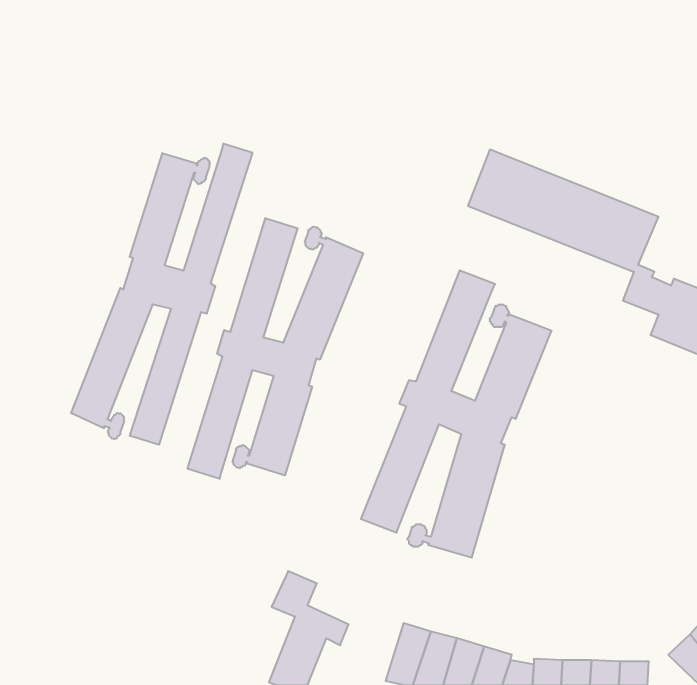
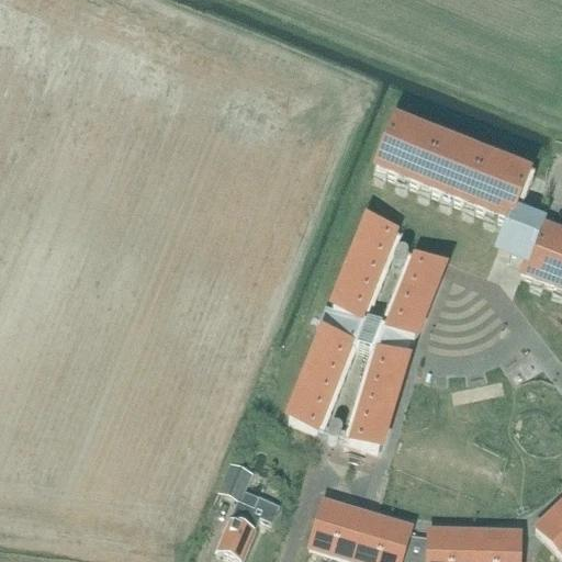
building: [71,144,252,445] -> none
building: [187,218,363,479] -> none

